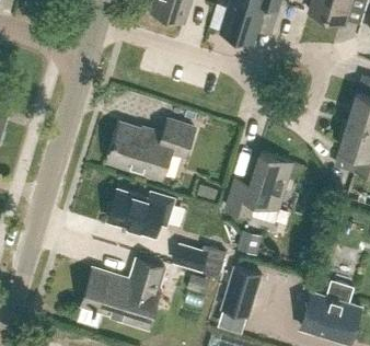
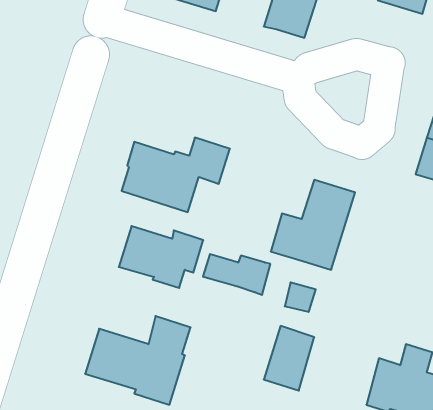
building: [174,244,227,276] -> [203,254,270,295]

